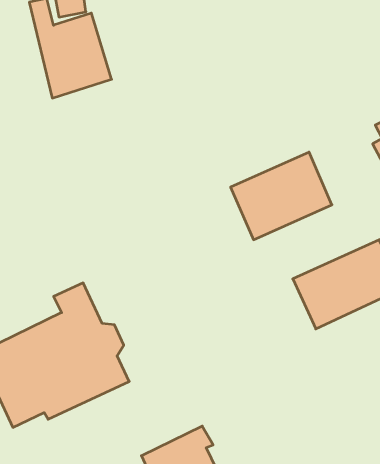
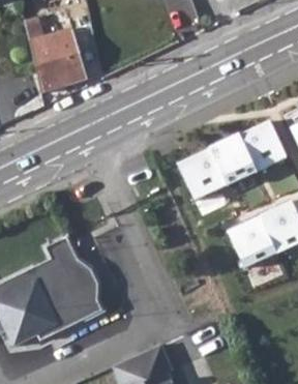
building: none -> [239,121,287,173]

